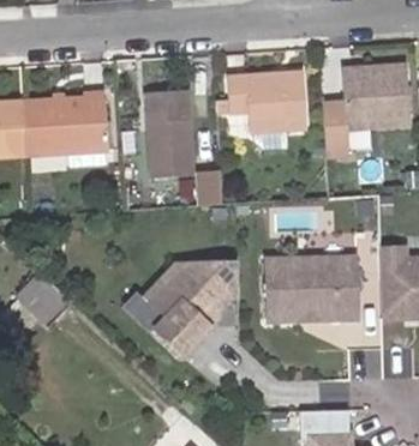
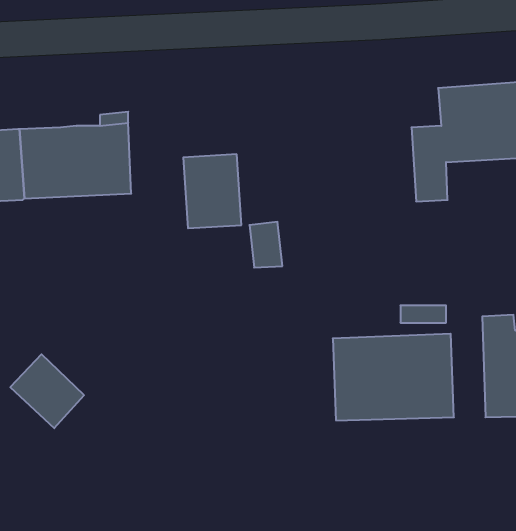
building: [229,72,307,128] -> none
building: [148,84,190,122] -> none
building: [145,265,235,357] -> none

